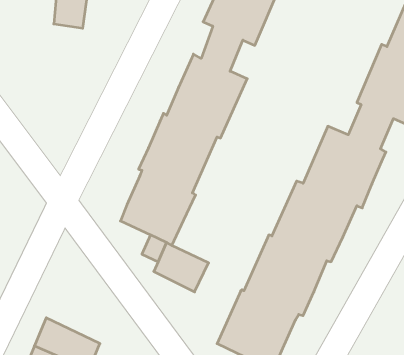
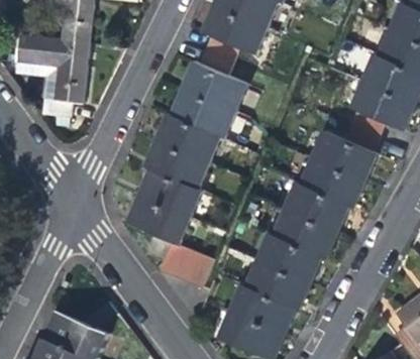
building: none -> [16,32,89,116]

